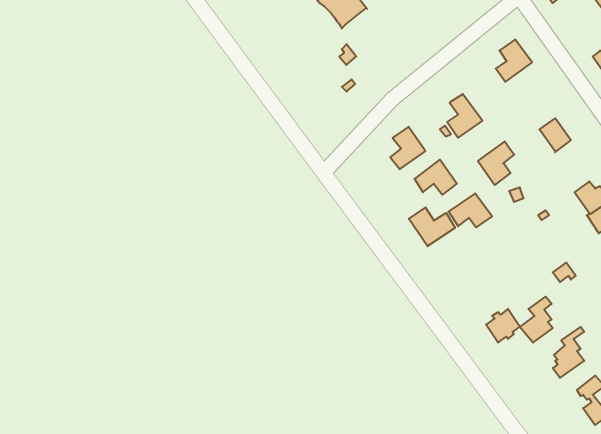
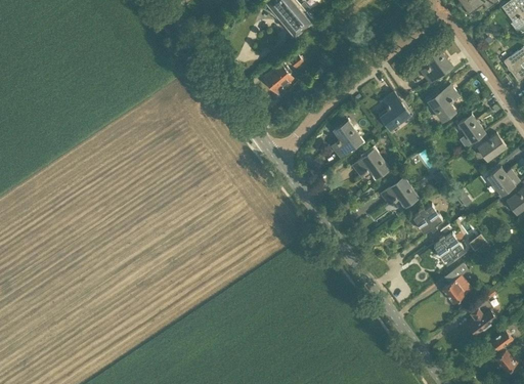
building: none -> [263,65,294,98]
building: none -> [469,134,506,162]
building: [478,141,514,185] -> [428,86,458,123]
building: [409,207,455,246] -> none
building: none -> [413,205,442,233]
building: [486,309,520,343] -> [434,233,463,262]

